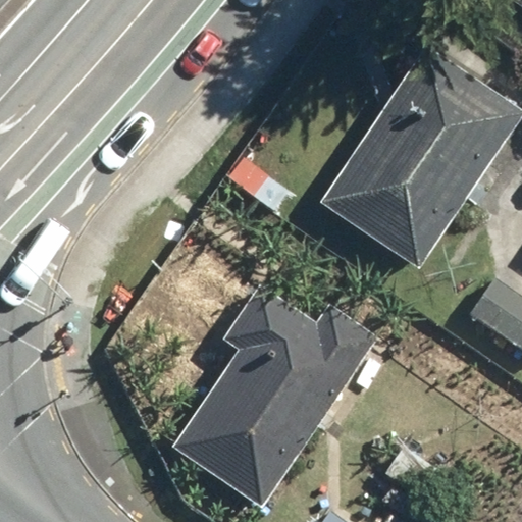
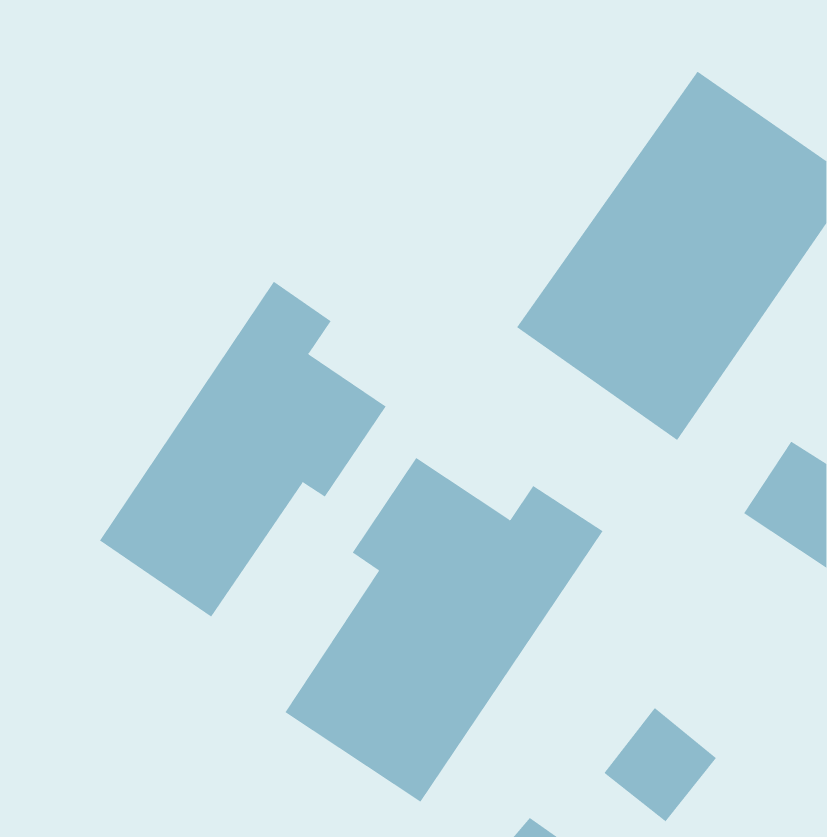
building: none -> [99,281,386,618]

